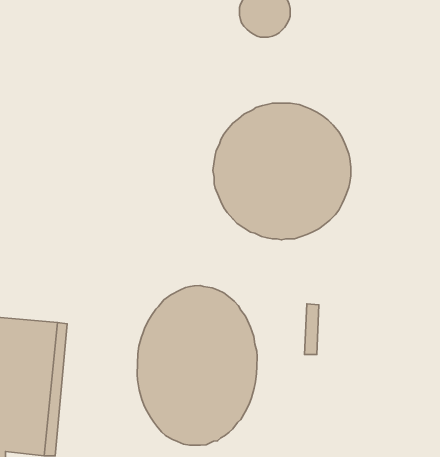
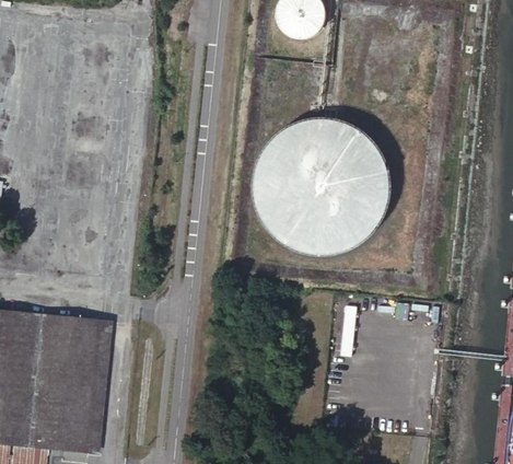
building: [137,285,257,445] -> none

